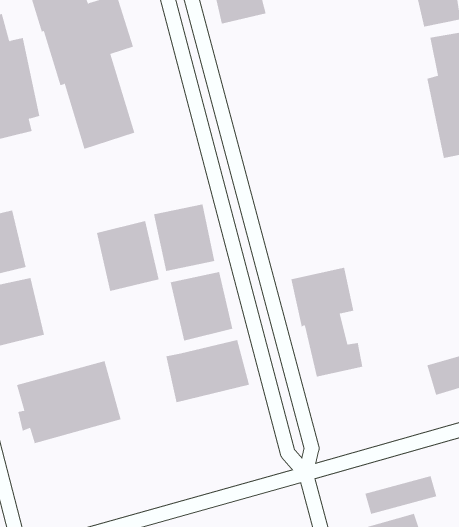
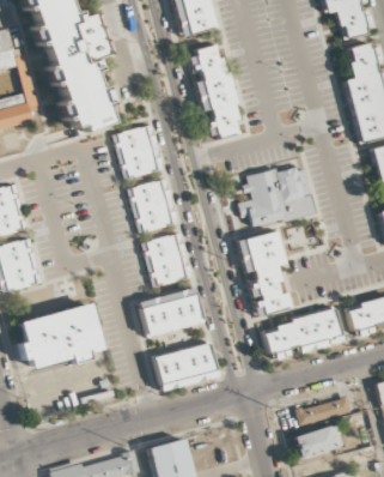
building: none -> [187,43,242,139]
building: none -> [238,163,315,227]
building: [96,221,159,292] -> [112,123,163,180]
building: none -> [260,308,341,357]
building: none -> [151,342,217,391]

